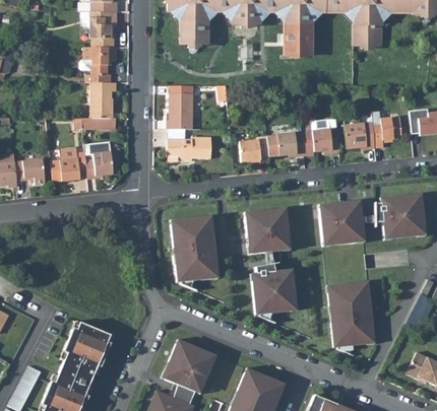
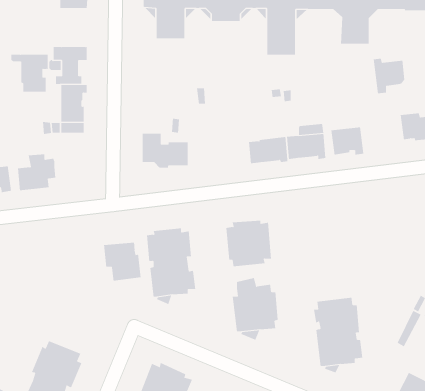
building: [80,11,116,47] -> [11,54,49,92]
building: [167,92,192,128] -> none
building: [371,114,401,147] -> [373,58,405,94]
building: [239,136,269,161] -> none
building: [85,141,113,178] -> none
building: [374,195,425,238] -> none
building: [319,201,364,245] -> none
building: none -> [104,242,141,281]

